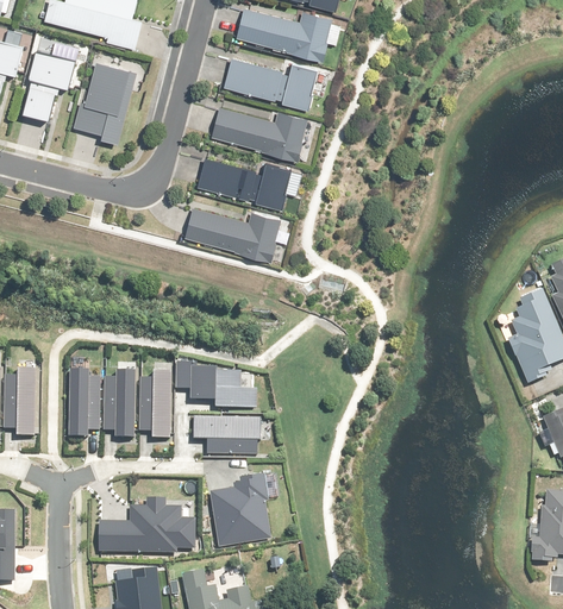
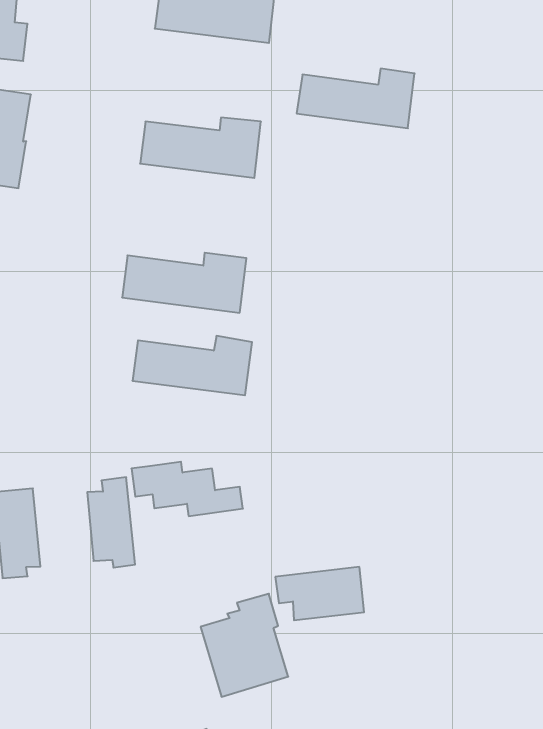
building: [225,58,318,109] -> [297,69,415,128]
building: [199,158,293,211] -> [132,336,252,395]
building: [101,373,135,440] -> none
building: [194,419,258,454] -> [275,567,364,620]
building: [104,498,194,550] -> none

